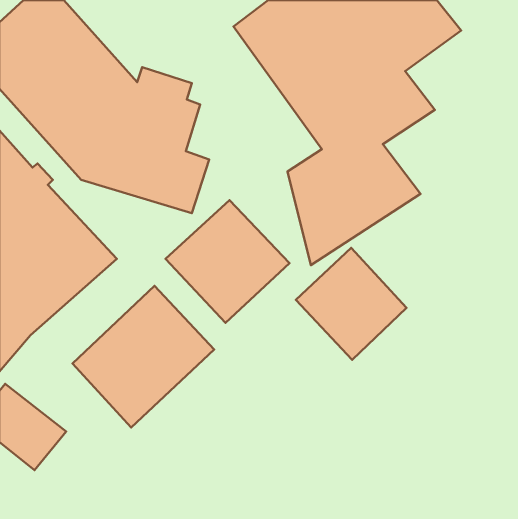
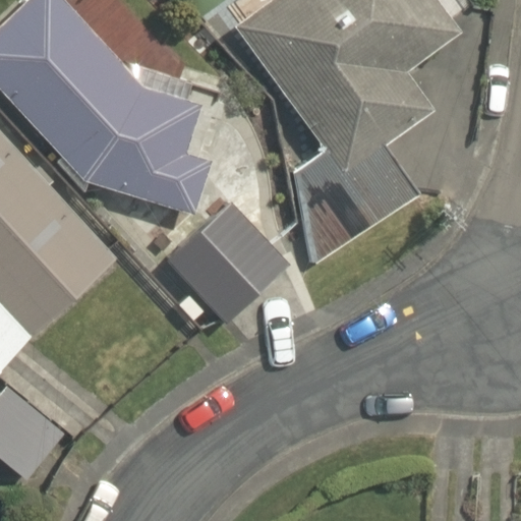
building: [296,248,407,360] -> none
building: [73,286,214,427] -> none

